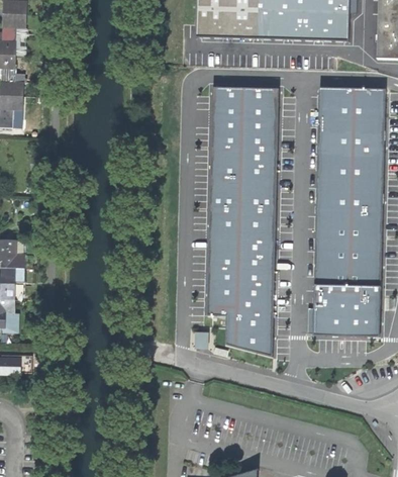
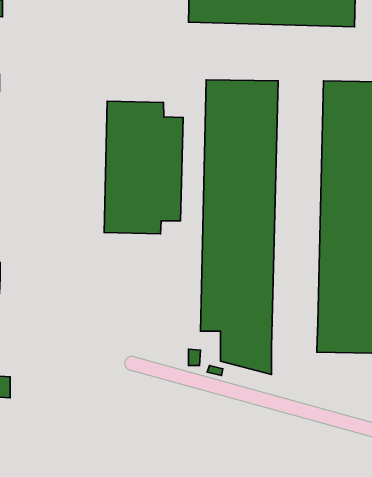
building: none -> [104,101,183,234]

